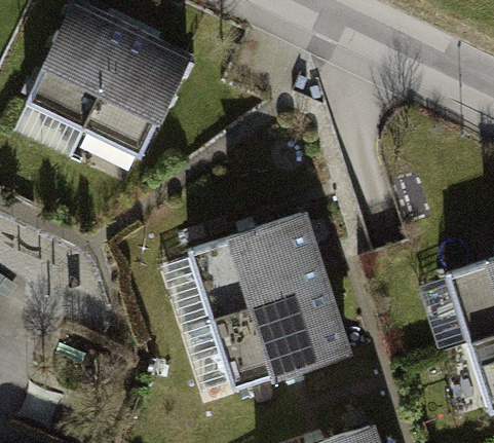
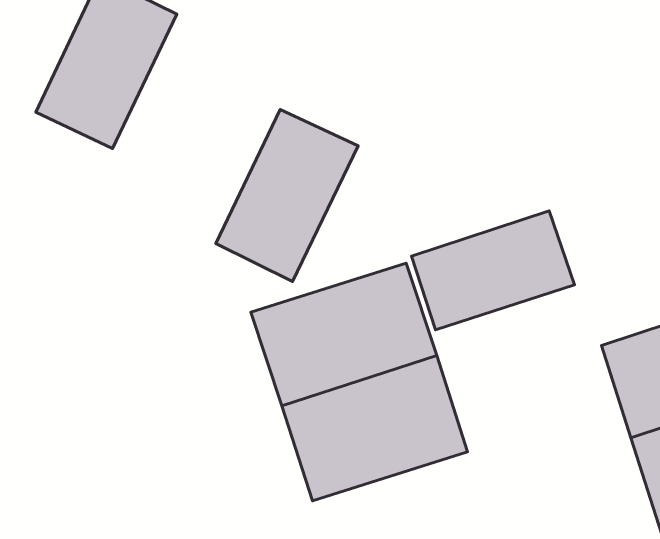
building: [87,31,192,157] -> [216,109,358,281]
building: none -> [412,211,574,330]

